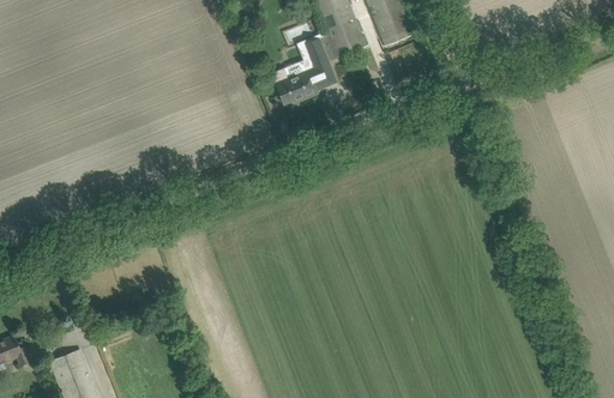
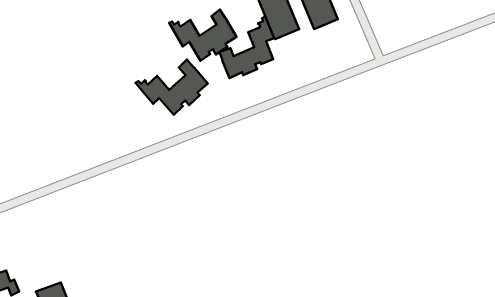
building: none -> [169,9,236,61]
building: none -> [136,59,208,115]

